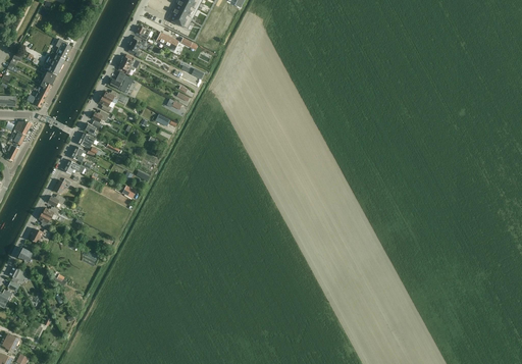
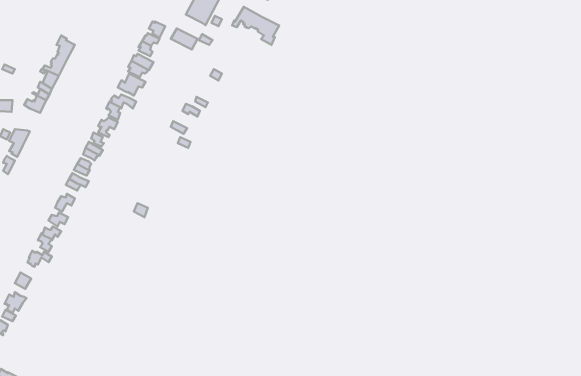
building: none -> [232,7,279,45]

